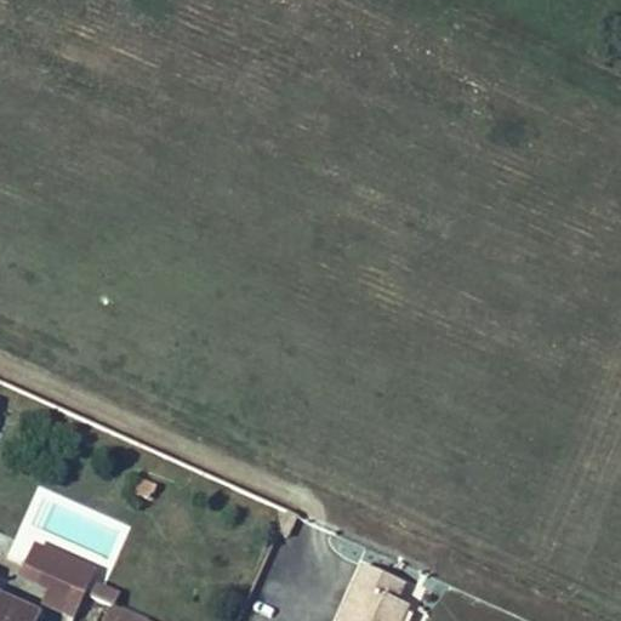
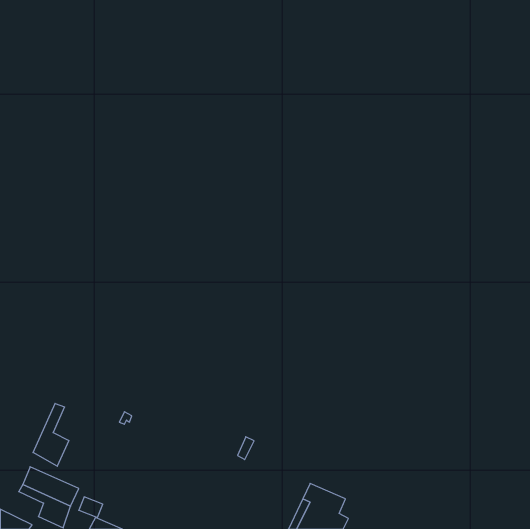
building: none -> [33,403,69,466]

